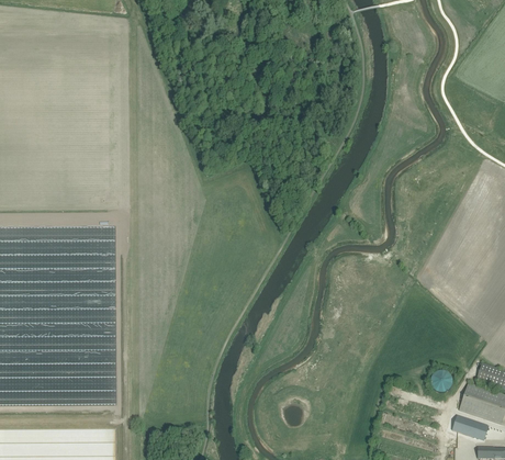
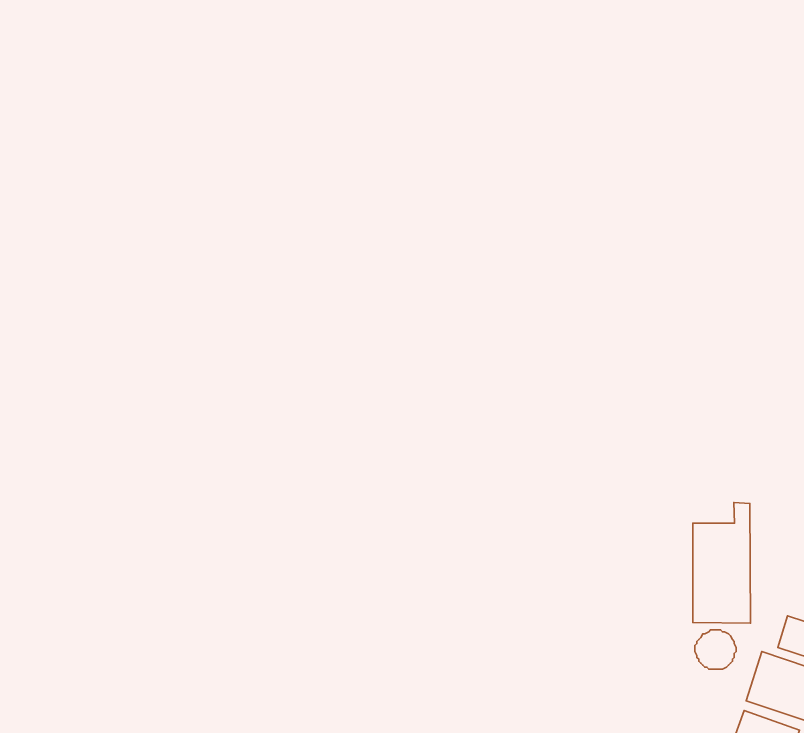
building: none -> [693,503,751,623]

